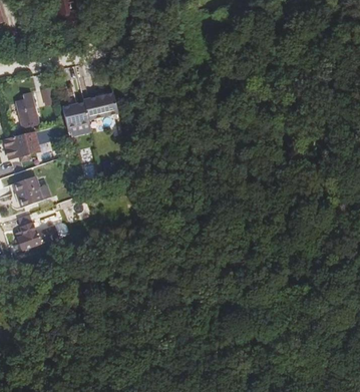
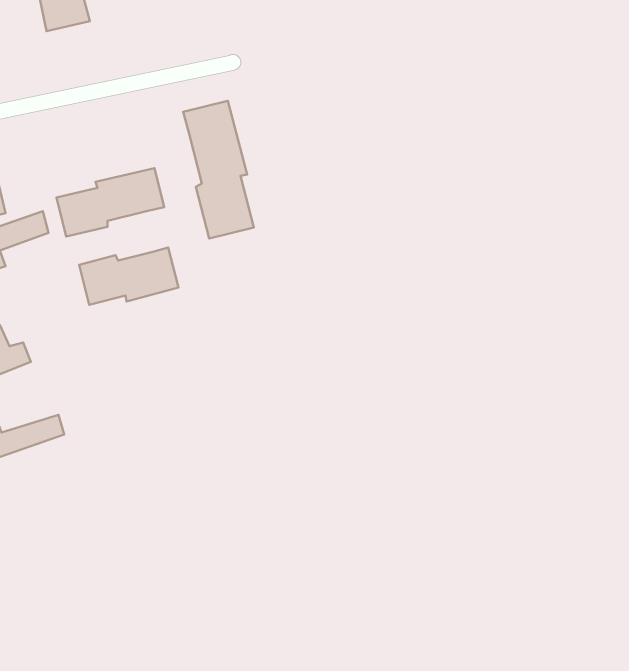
building: none -> [183,101,254,239]
building: none -> [79,247,178,305]

